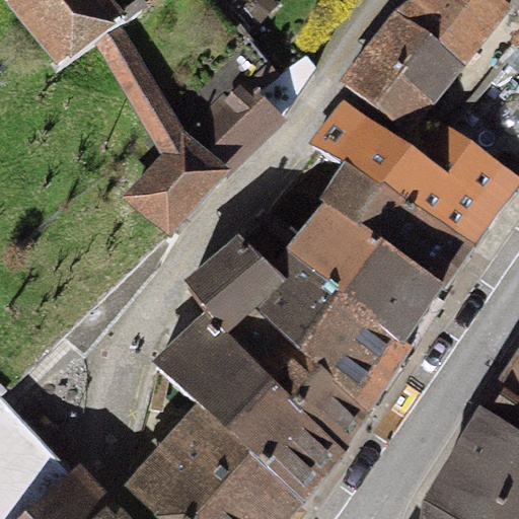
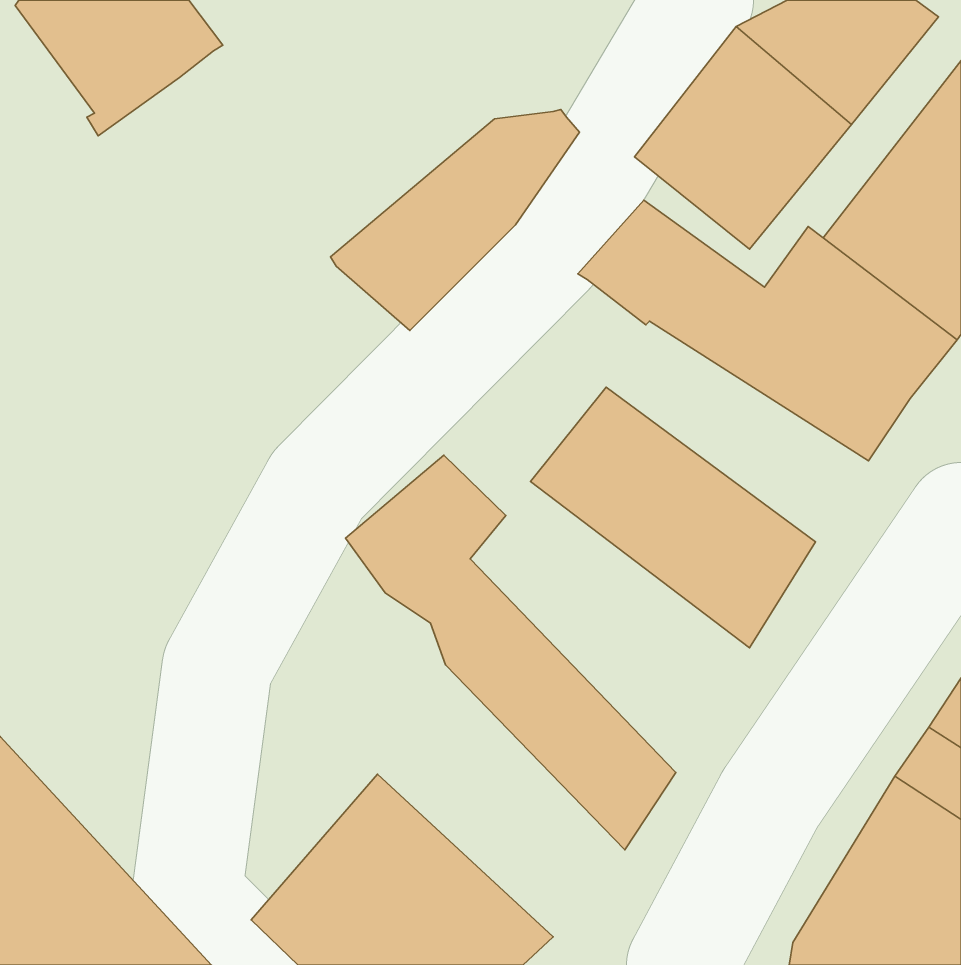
building: [96,27,220,236] -> none
building: [325,172,466,291] -> none
building: [252,258,406,415] -> none
building: [154,318,336,503] -> none

